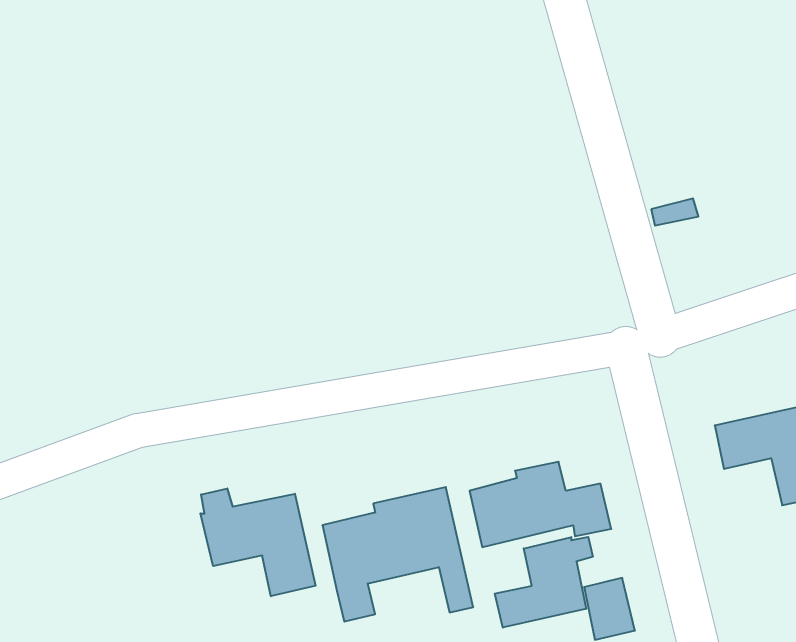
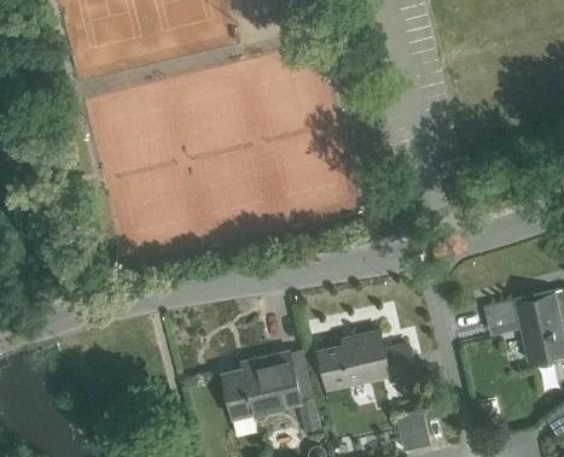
building: [200,488,316,596] -> none
building: [495,537,593,628] -> none

